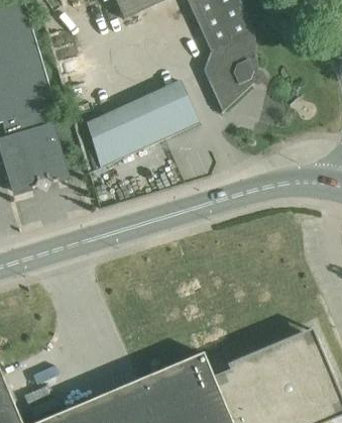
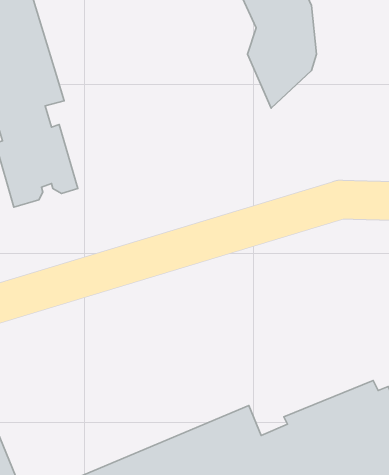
building: [73,77,189,169] -> none

